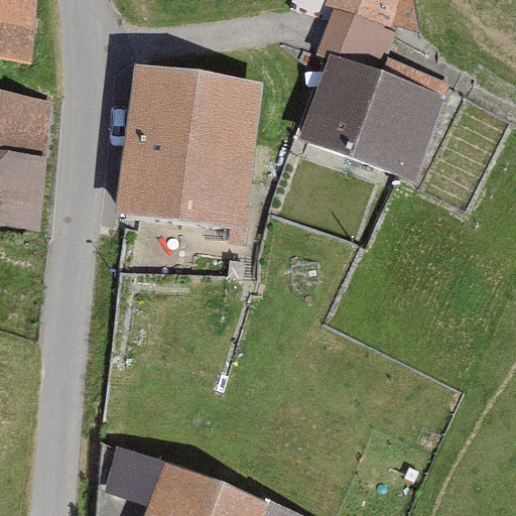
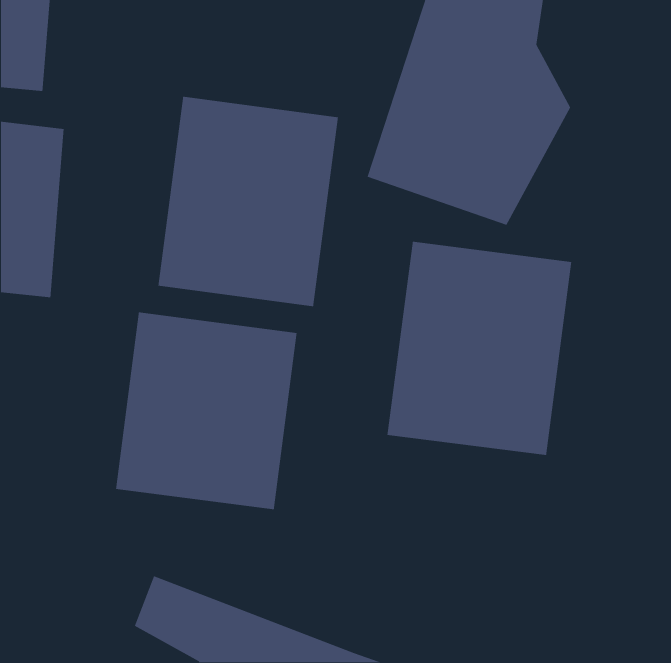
building: none -> [387,241,572,456]
building: none -> [115,311,297,510]

